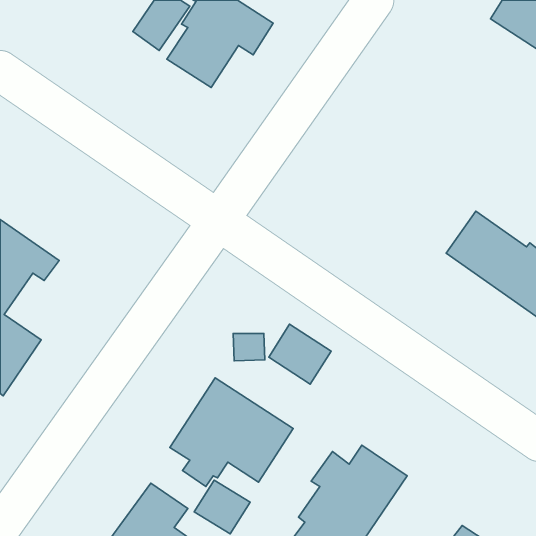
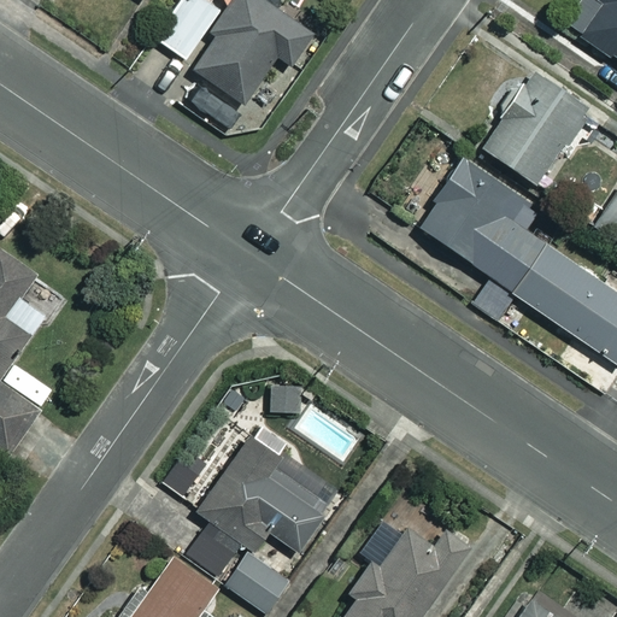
building: none -> [481,72,588,186]
building: none -> [416,158,547,293]
building: [269,324,331,384] -> none

